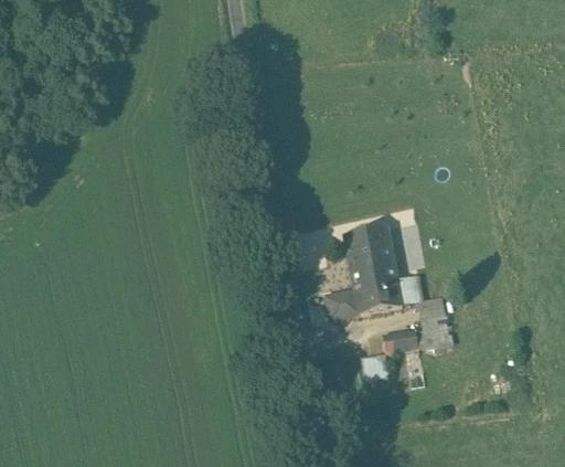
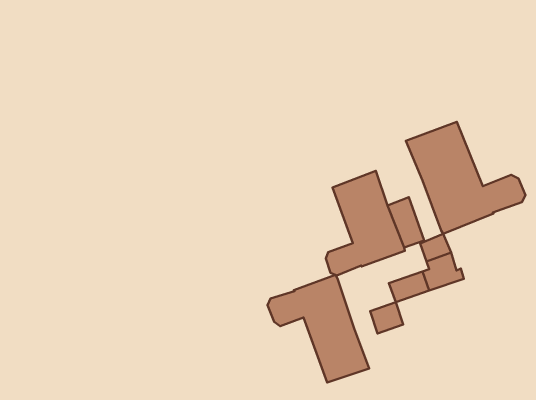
building: none -> [406,122,526,234]
building: none -> [268,275,369,382]

